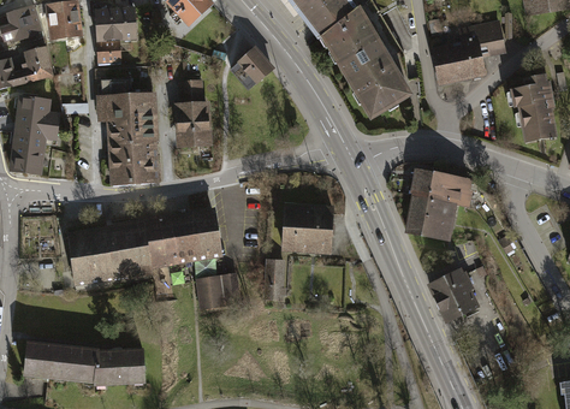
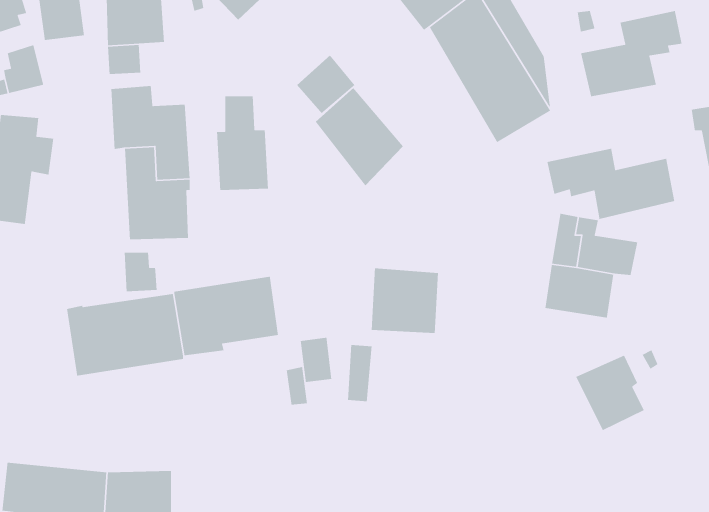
building: none -> [315,87,404,187]
building: none -> [546,148,675,220]
building: none -> [124,252,158,292]
building: [197,275,220,308] -> [300,337,332,383]

